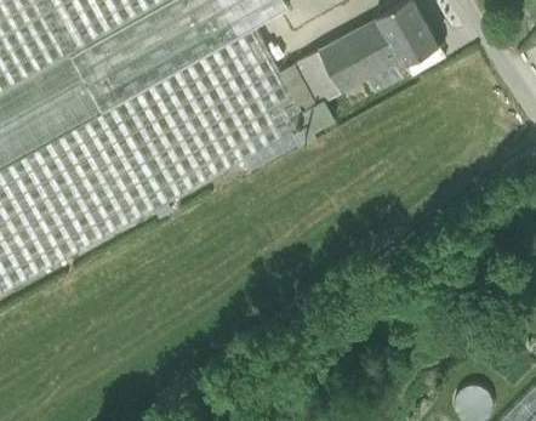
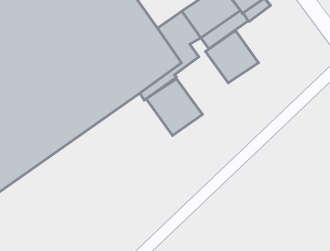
building: none -> [205,30,259,83]
building: none -> [146,79,202,135]

